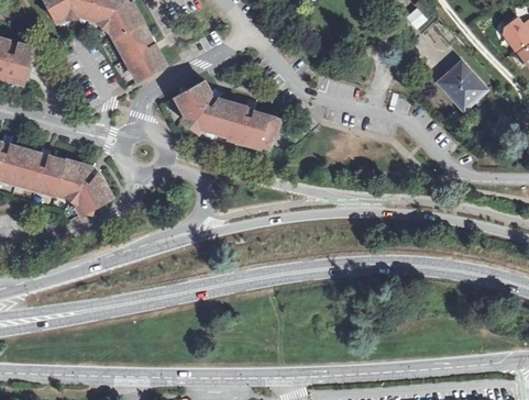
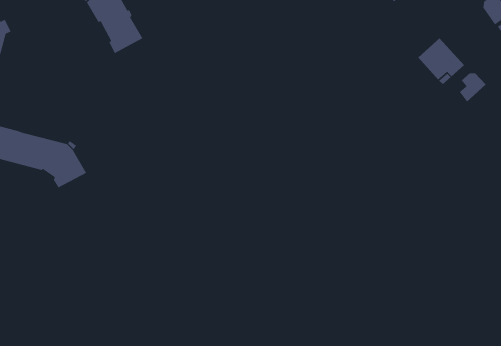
building: [176,79,279,145] -> none
building: none -> [459,72,487,102]

